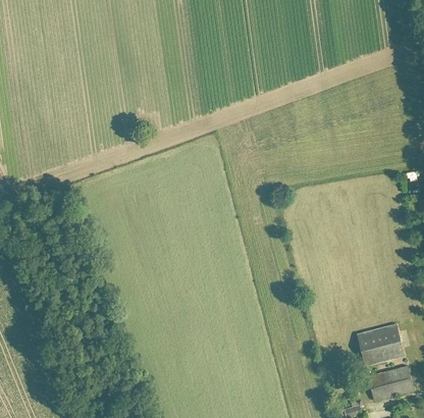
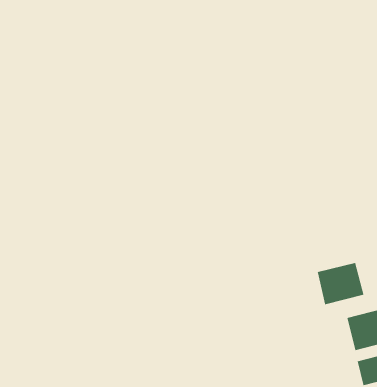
building: none -> [317,262,364,305]

